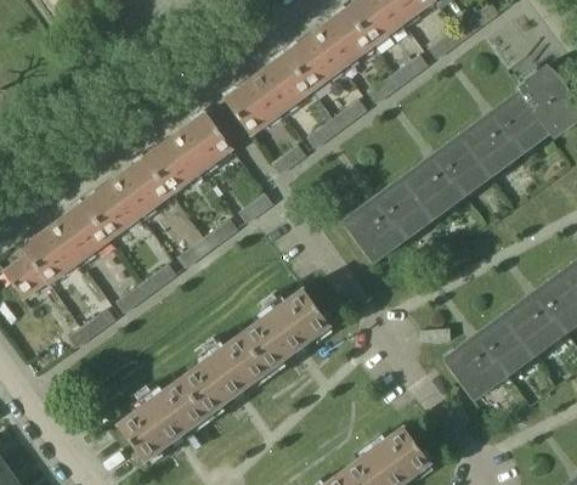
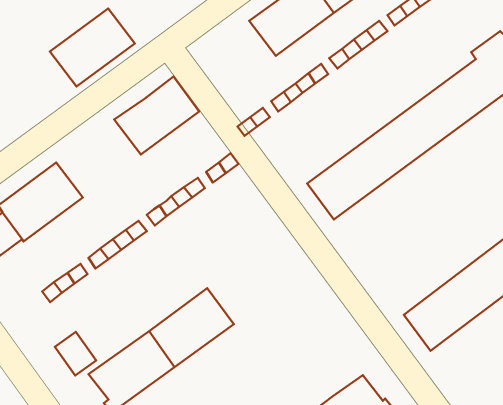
building: [224,53,312,135] -> none
building: [83,157,171,238] -> [50,9,135,86]
building: [241,287,332,371] -> none
building: none -> [55,332,96,376]

